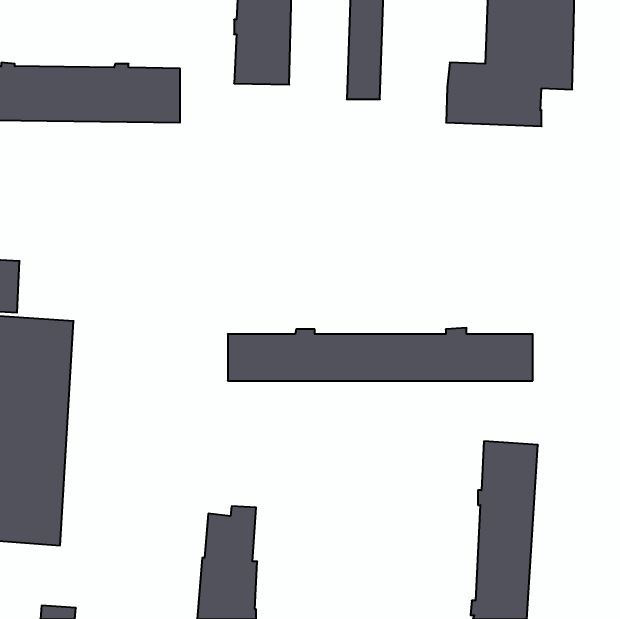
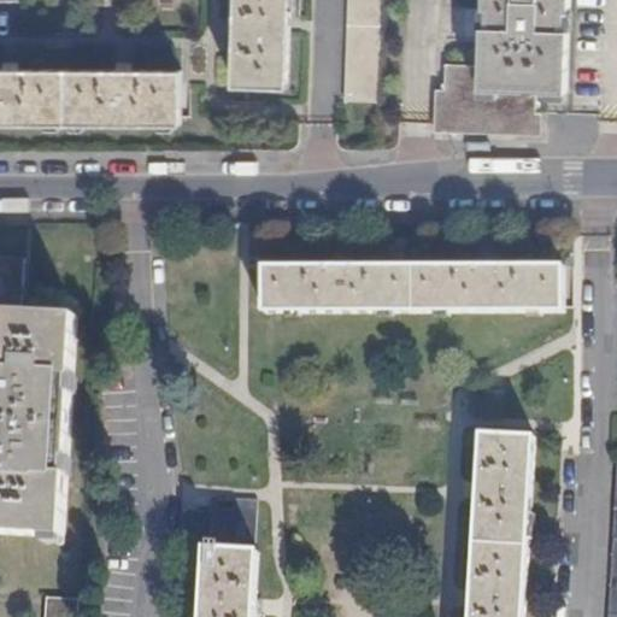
building: [228,328,533,381] -> [259,260,559,312]

